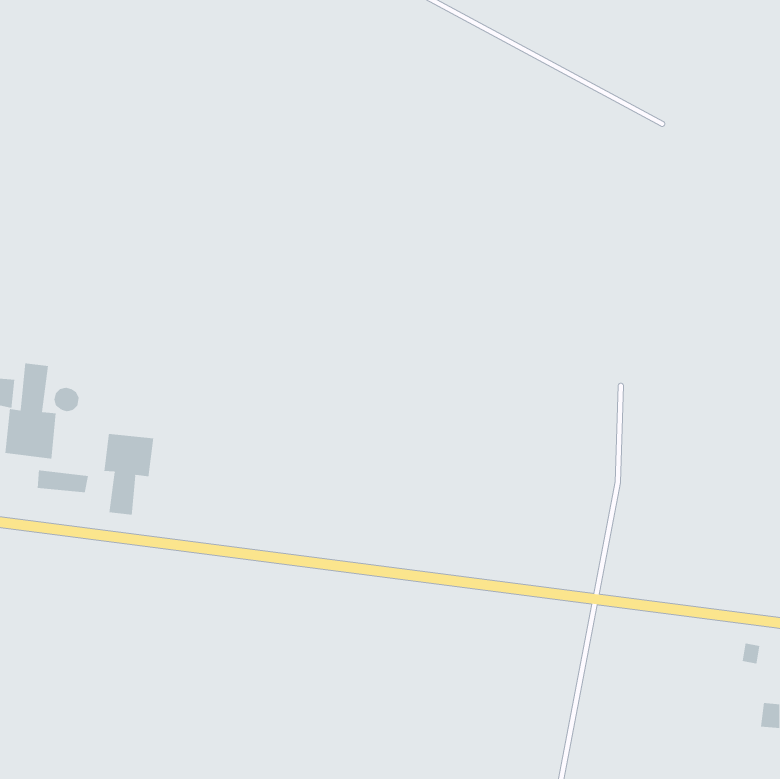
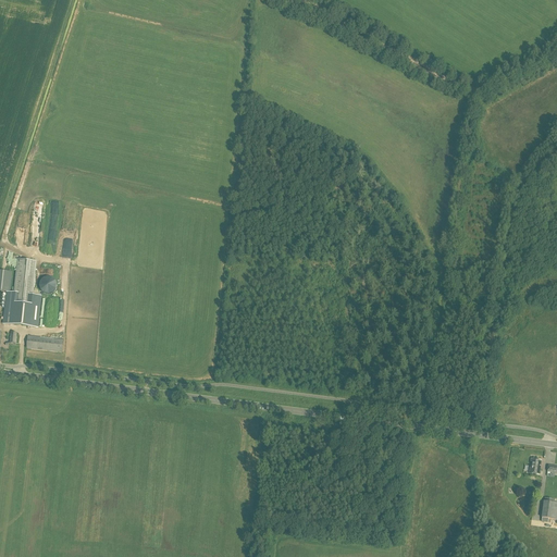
building: [104,433,154,515] -> none

